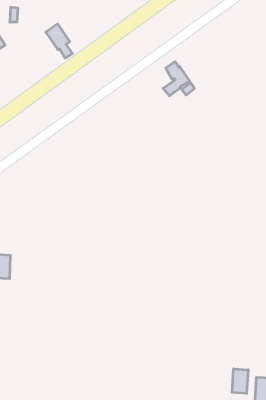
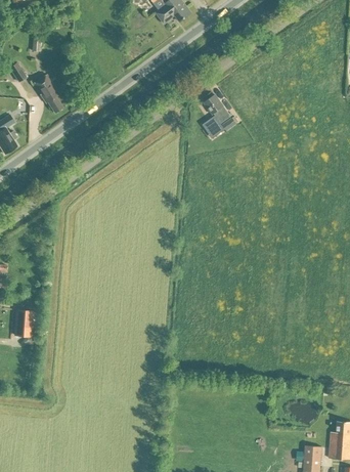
building: [46,24,72,58] -> [33,75,62,113]
building: [232,369,248,393] -> none

